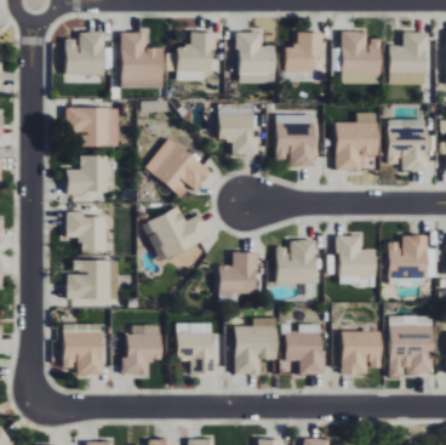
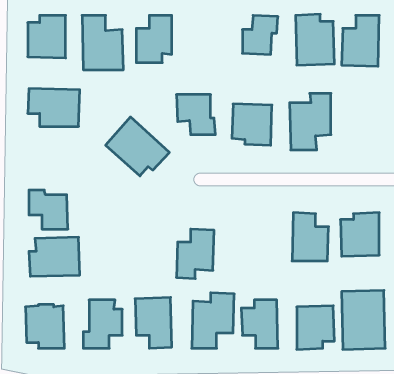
building: [238,32,276,82] -> none
building: [388,122,427,171] -> none
building: [67,154,108,192] -> none
building: [143,207,211,261] -> none
building: [276,239,316,283] -> none

